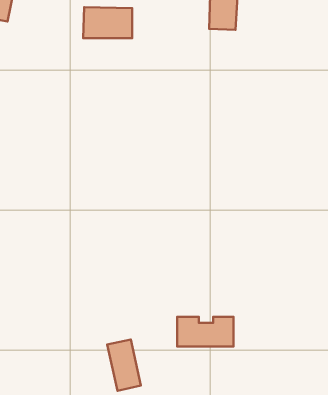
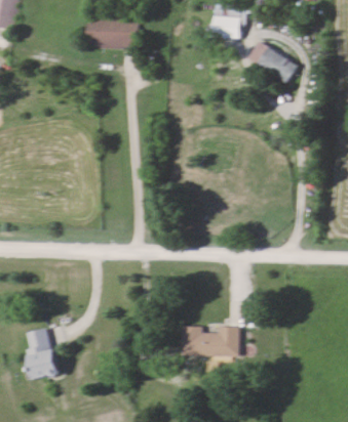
building: none -> [248,43,297,85]
building: [107,339,141,391] -> [24,328,57,379]

